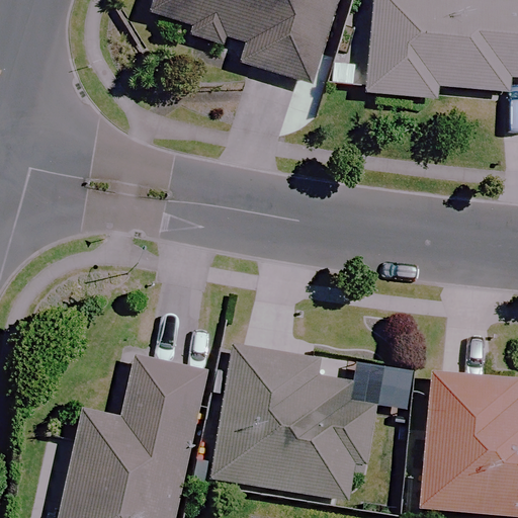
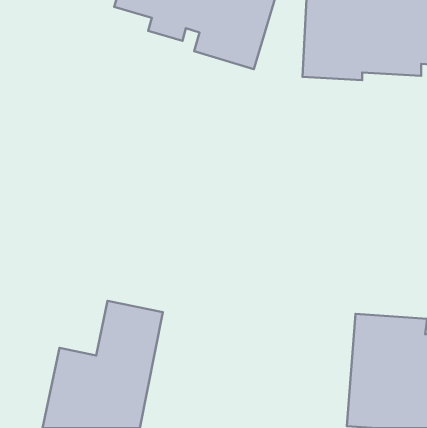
building: [215,347,374,498] -> none

